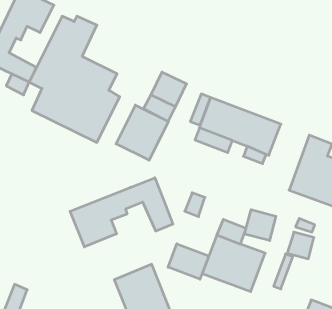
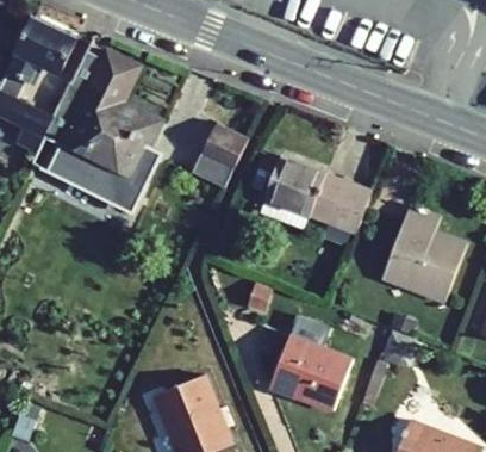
building: [116,105,168,160] -> none
building: [70,178,173,247] -> none
building: [245,210,276,241] -> none
building: [168,244,209,279] -> none

